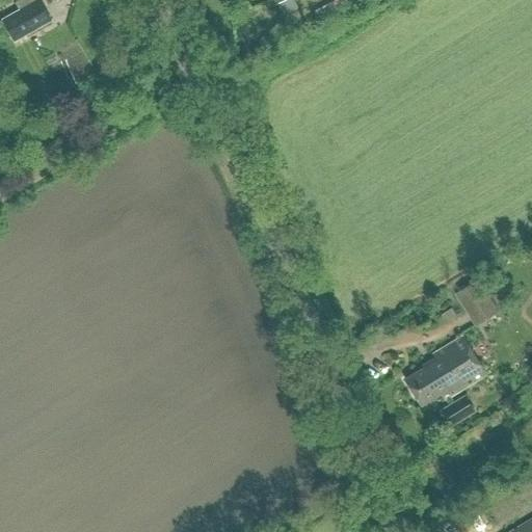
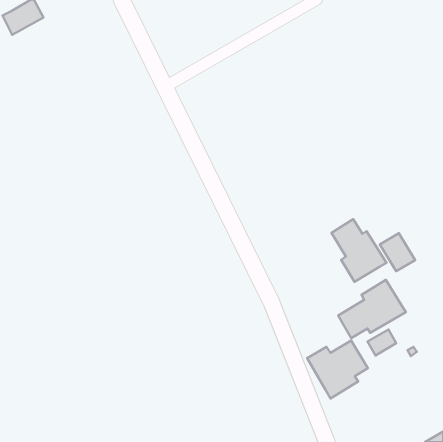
building: none -> [332,219,387,282]
building: none -> [307,341,368,399]

